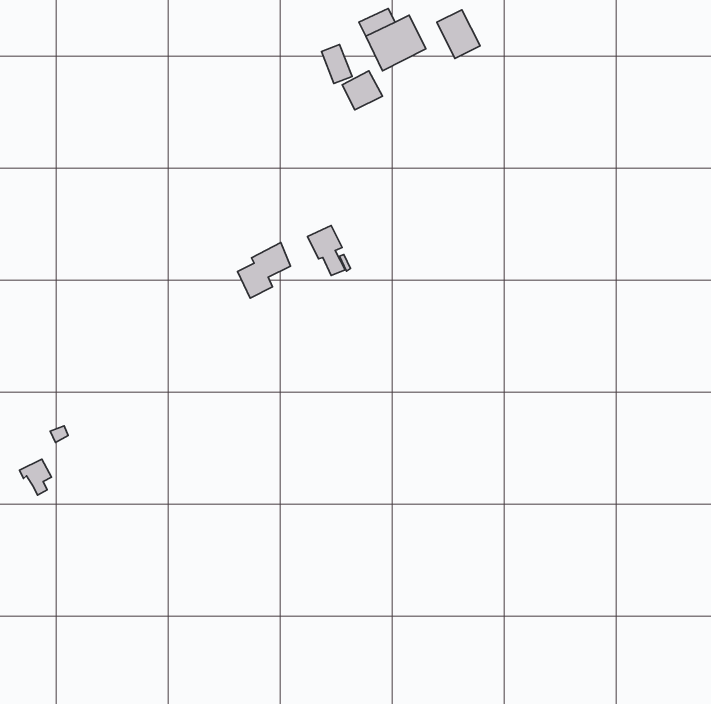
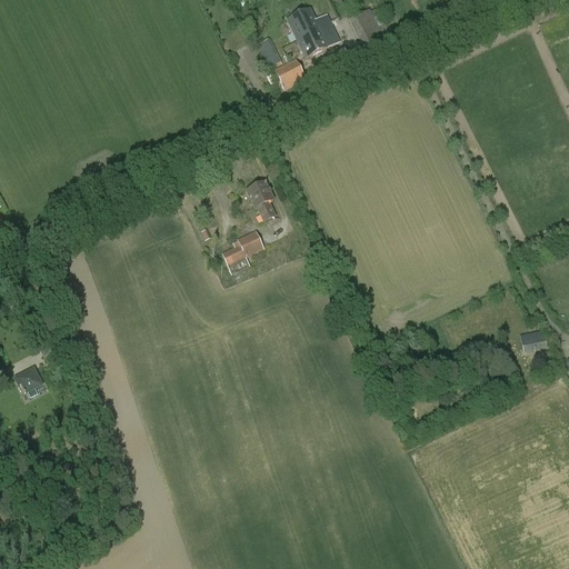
building: [238,242,290,298] -> [221,228,263,272]
building: none -> [519,327,547,350]

